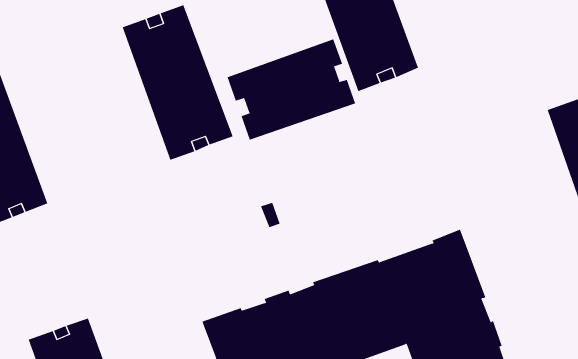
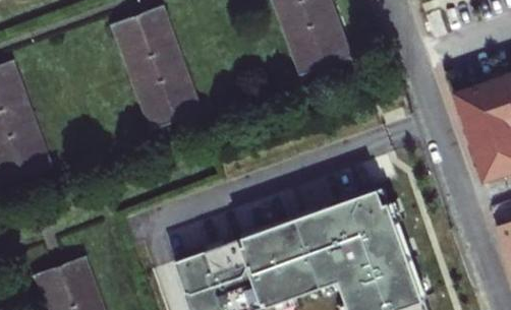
building: [227,38,356,141] -> none

